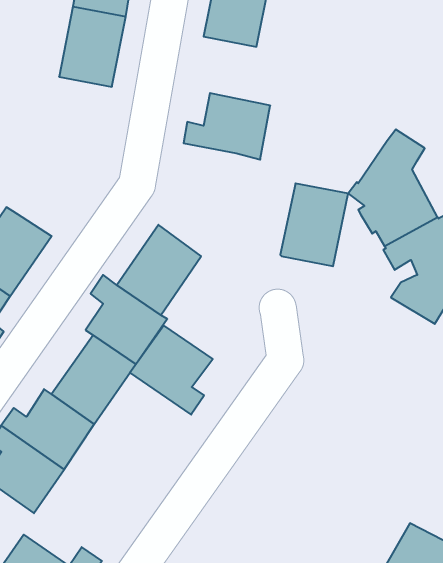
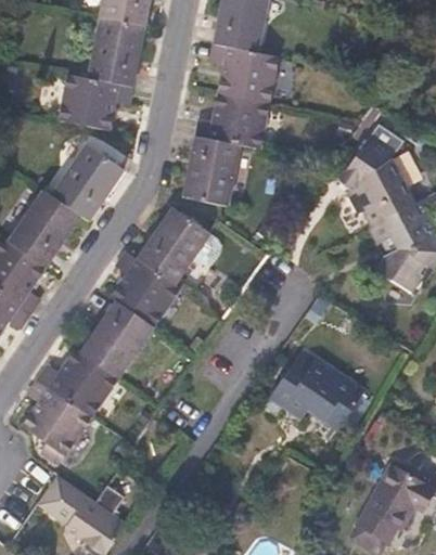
building: none -> [208,43,278,103]
building: none -> [57,75,133,131]
building: none -> [50,144,124,221]
building: [280,183,348,266] -> [181,135,240,207]
building: [130,326,213,415] -> none
building: none -> [268,358,359,427]

